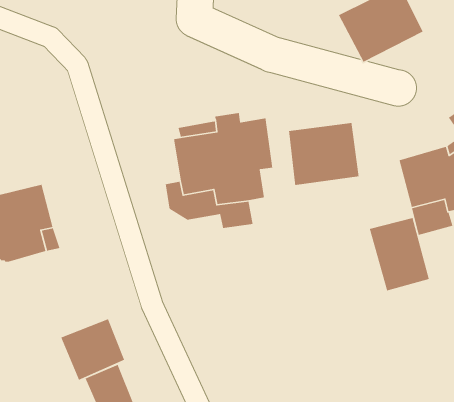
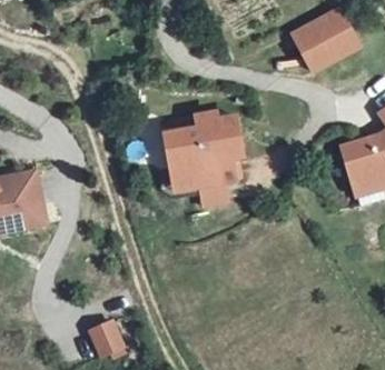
building: [288,122,360,186] -> none
building: [369,217,430,292] -> none
building: [60,318,125,381] -> none

